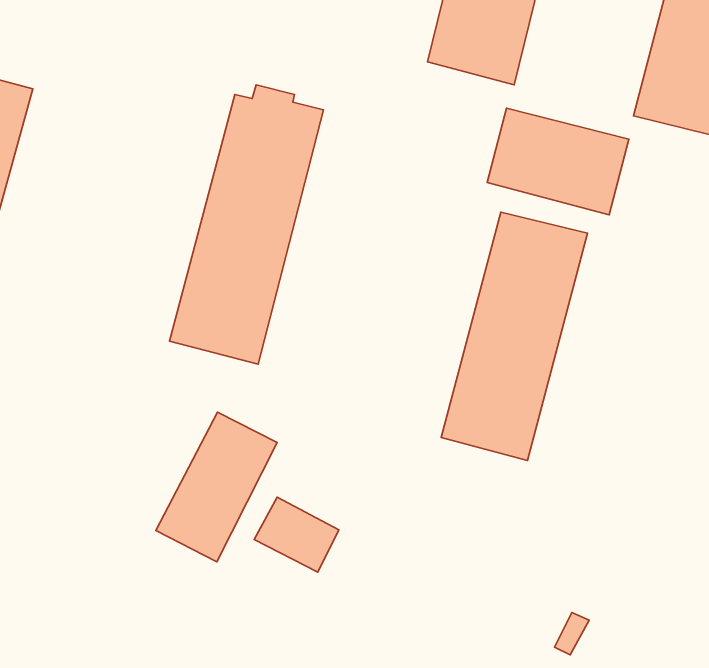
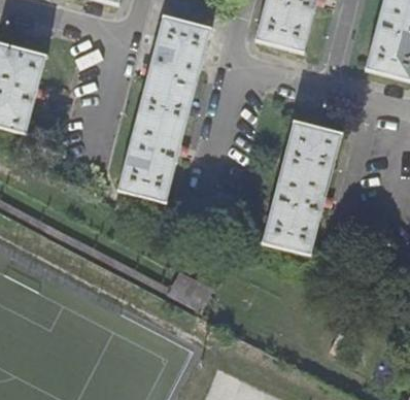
building: none -> [152,14,210,66]
building: [487,108,629,215] -> none
building: [156,412,277,562] -> none

